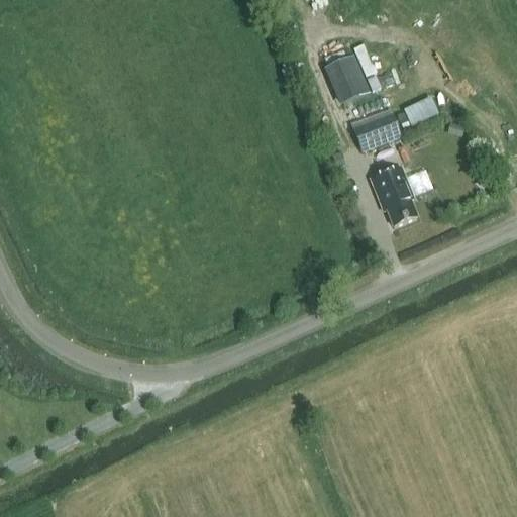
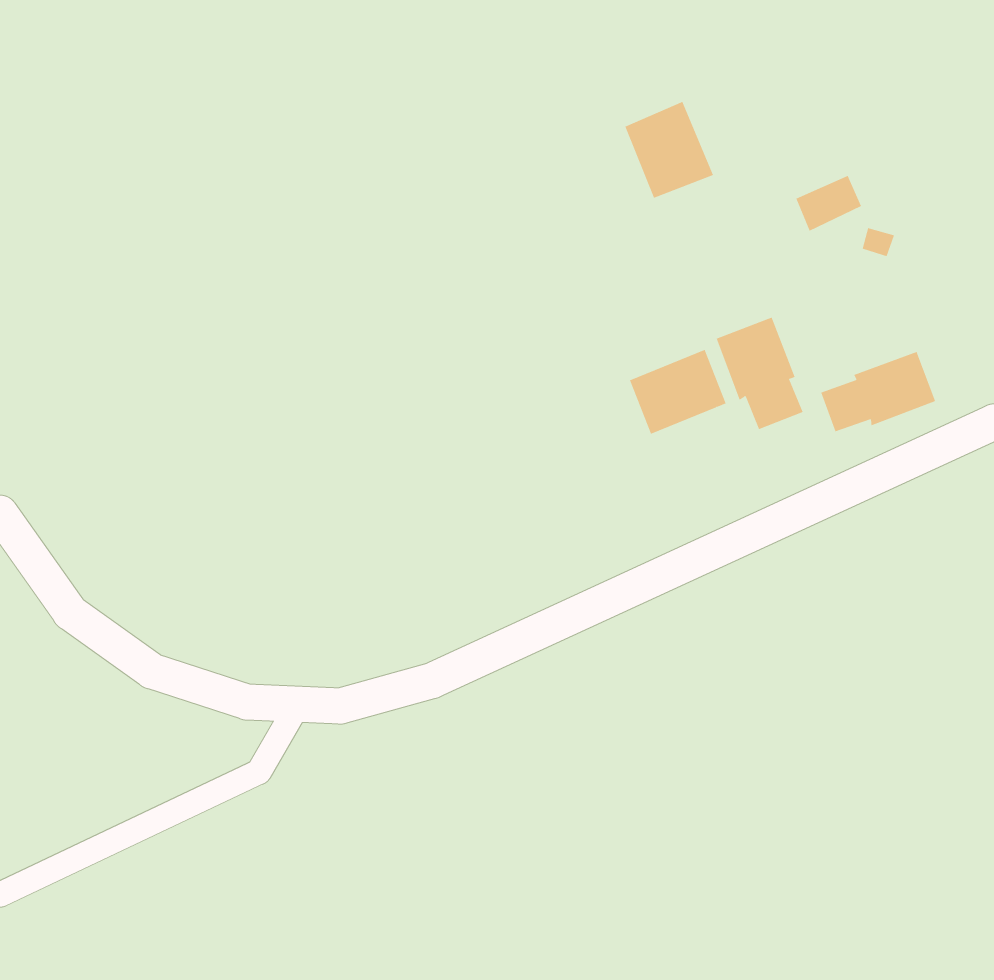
building: [350,106,401,150] -> [629,349,726,435]
building: none -> [821,351,936,432]

